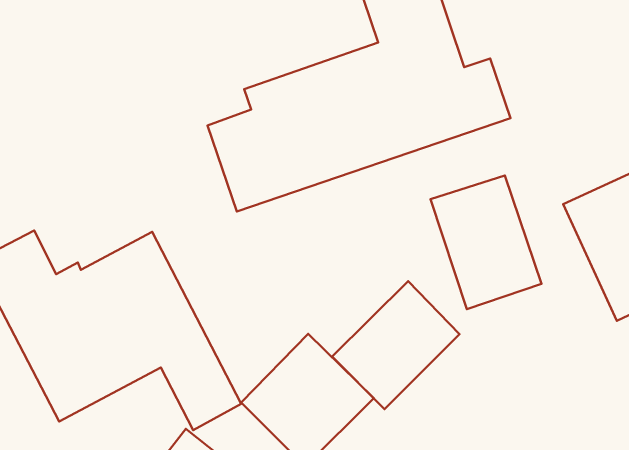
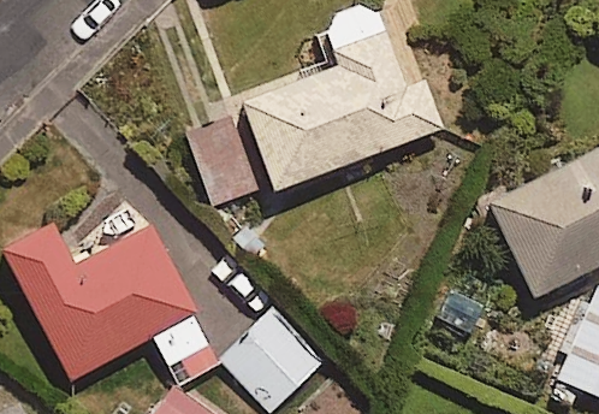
building: [430,175,542,309] -> none
building: [332,281,460,409] -> none

